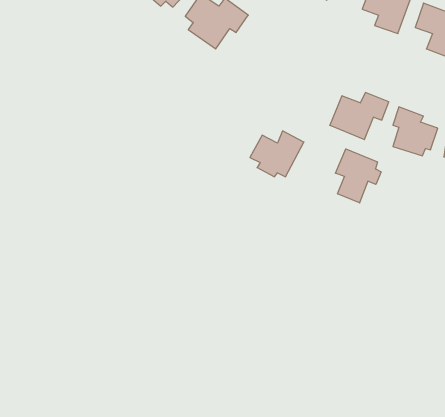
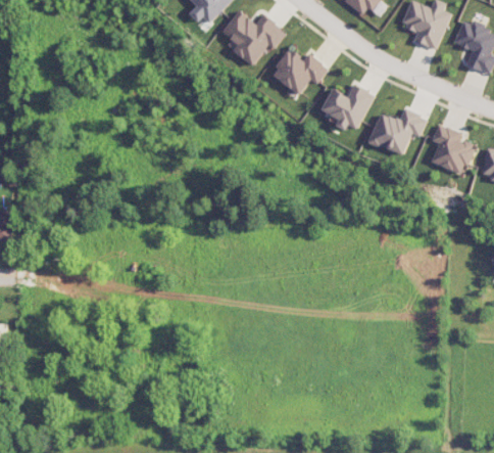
building: none -> [271,49,329,95]
building: [250,131,304,177] -> [320,84,375,130]
building: [335,149,381,203] -> none

